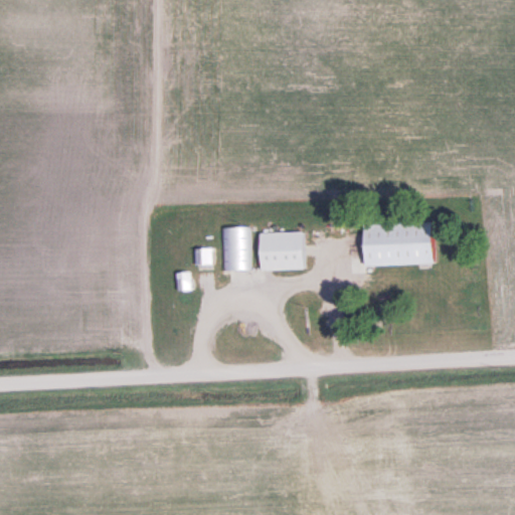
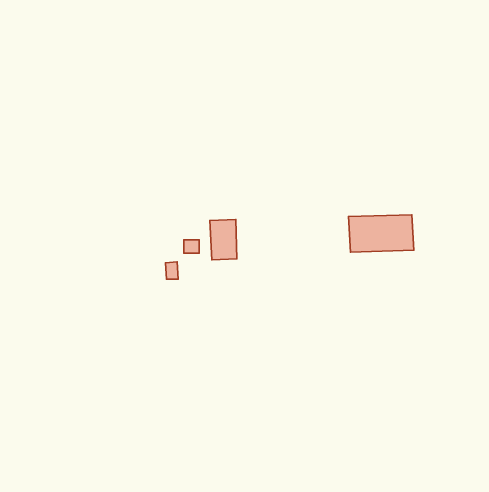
building: [260,232,304,270] -> none

